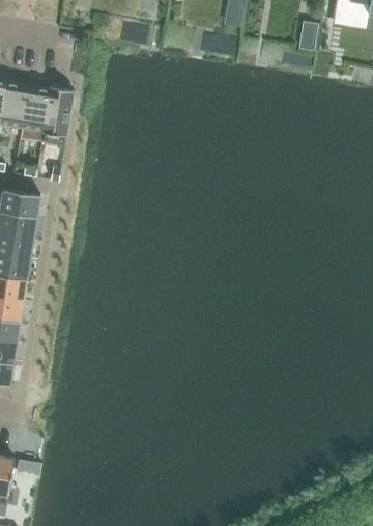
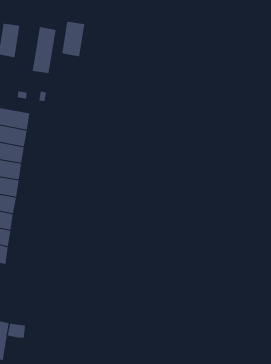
building: [21,86,51,131] -> [62,21,86,57]

